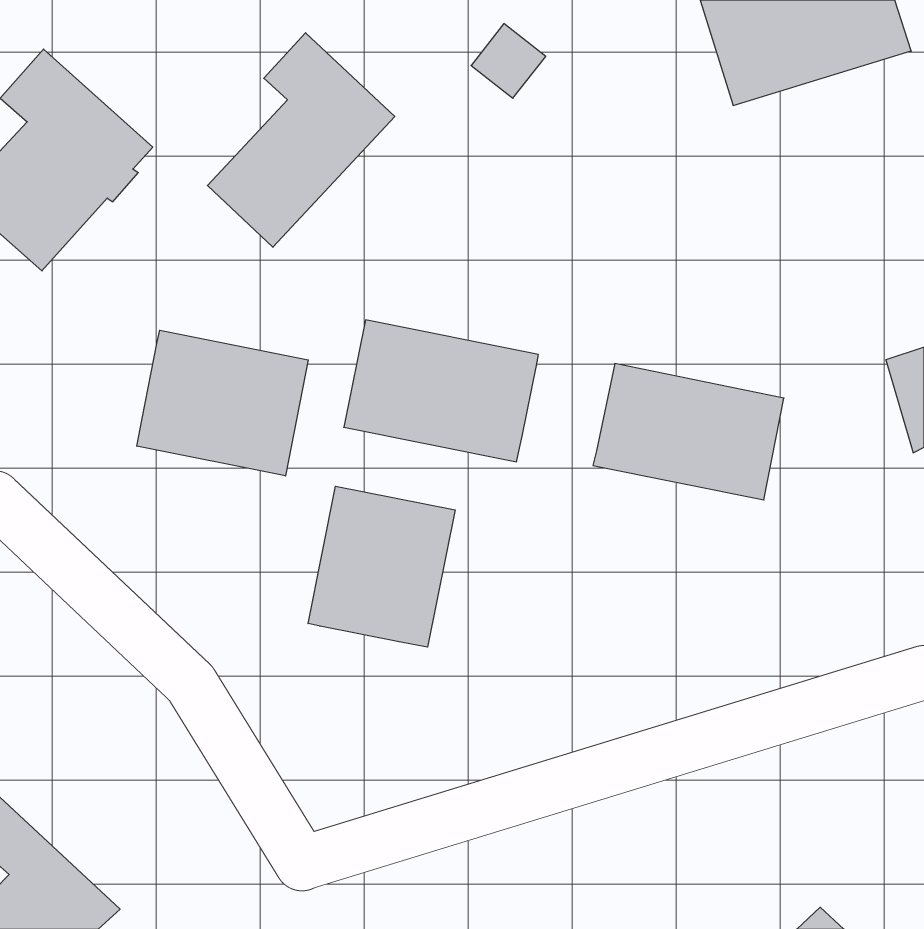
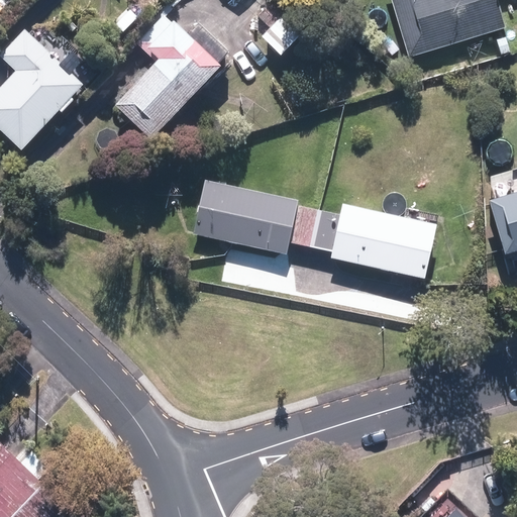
building: [137,330,308,476] -> none
building: none -> [290,203,339,250]
building: [308,486,455,647] -> none

